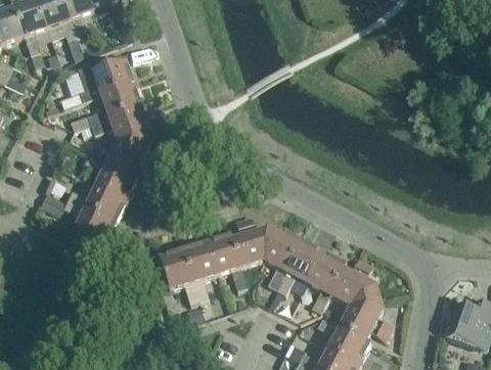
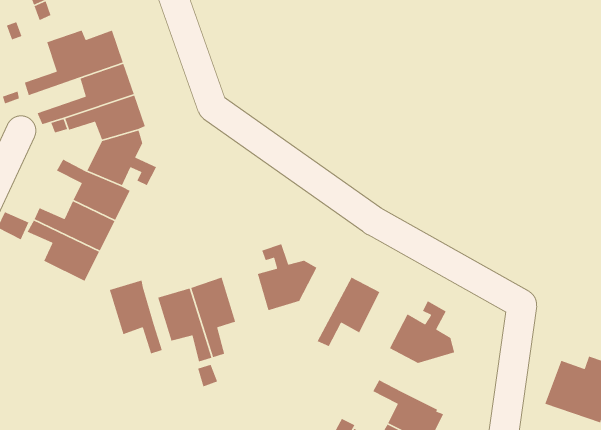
building: [263,229,301,289] -> none
building: [206,234,246,289] -> [109,280,163,355]
building: [307,252,345,312] -> none
building: [339,297,390,340] -> none

